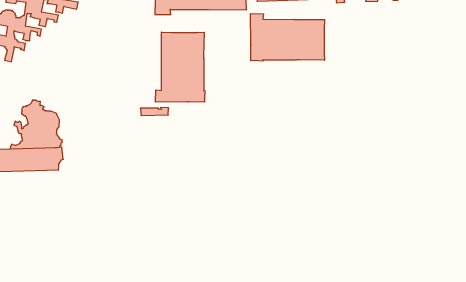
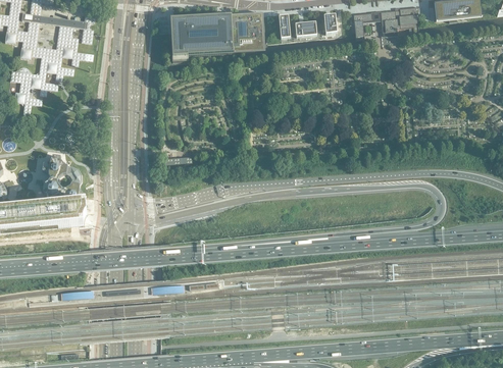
building: [251,14,325,61] -> none
building: [155,32,205,102] -> none

